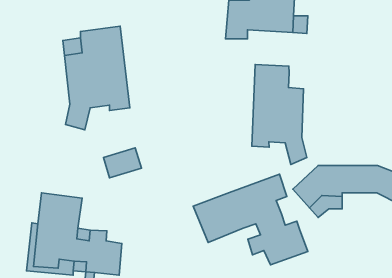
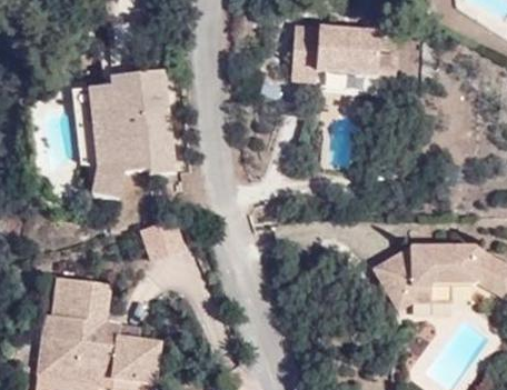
building: [252,64,307,164] -> none
building: [193,174,308,265] -> none

